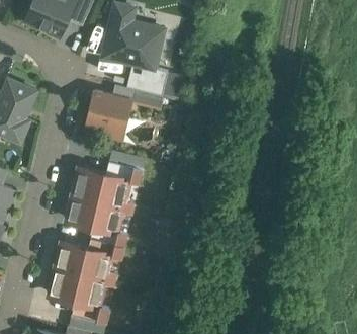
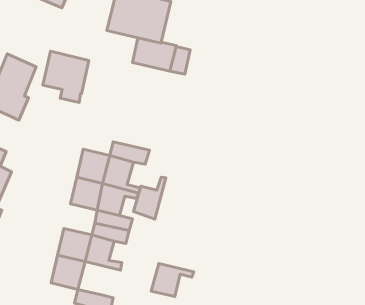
building: [87,91,130,140] -> [43,51,89,102]
building: none -> [134,177,166,219]
building: [75,275,115,307] -> [151,263,194,297]

